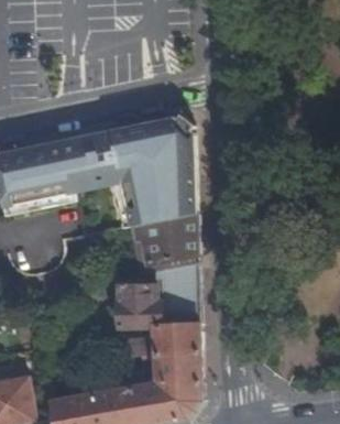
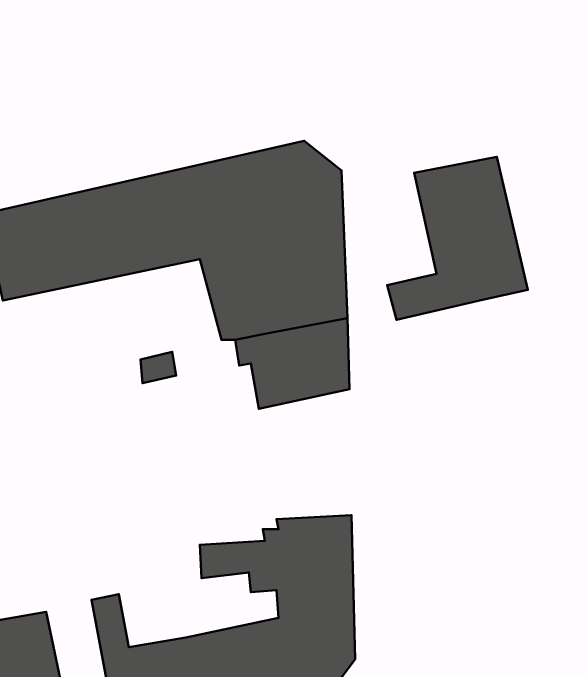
building: none -> [387,157,528,320]
building: [116,262,197,327] -> none

